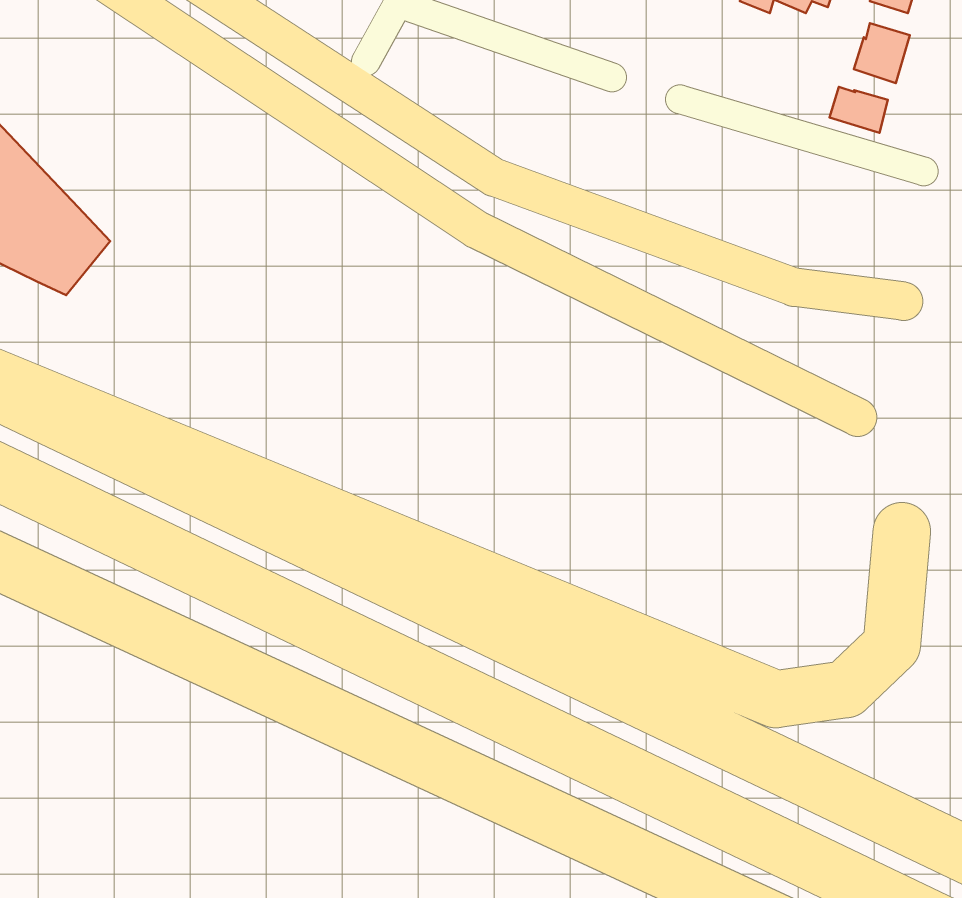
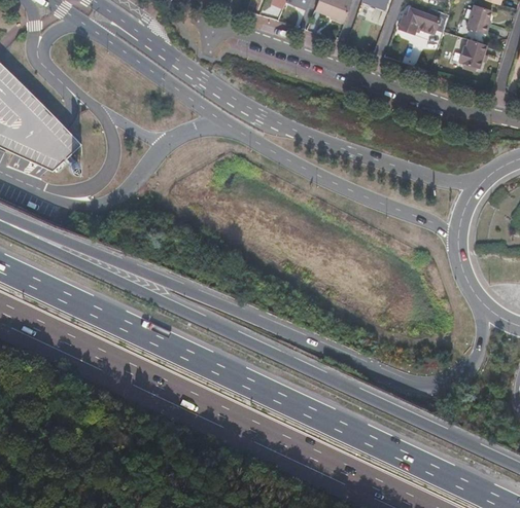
building: [830,87,888,133] -> none

